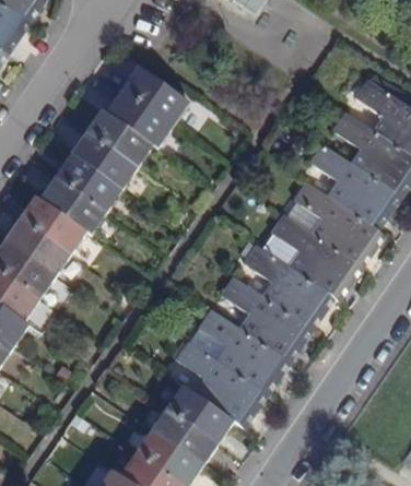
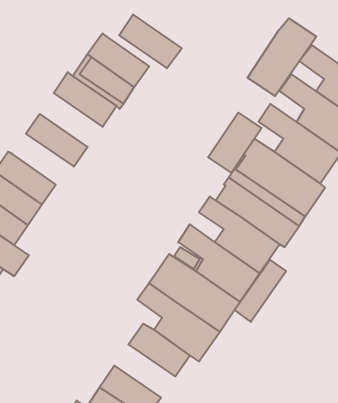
building: none -> [247,18,316,96]
building: [68,132,137,191] -> [119,14,182,68]
building: none -> [208,113,262,173]
building: [37,177,105,236] -> none
building: none -> [234,260,286,322]
building: [150,408,216,466] -> none

